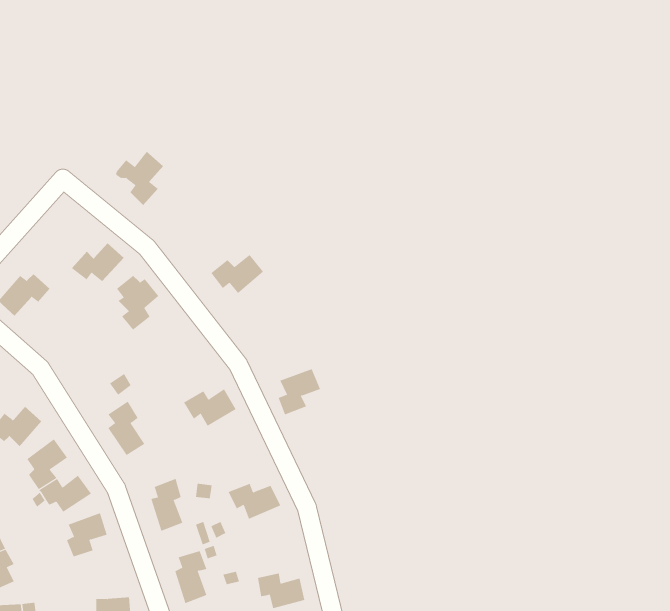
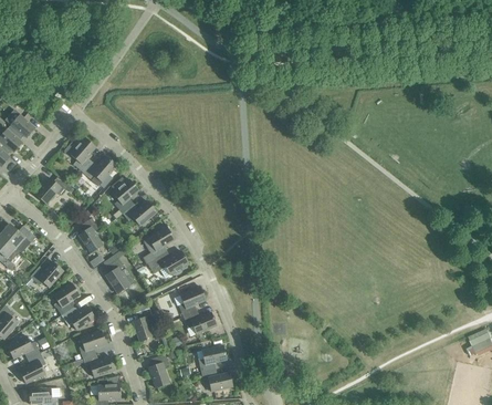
building: [116,151,164,206] -> [64,137,95,173]
building: [210,254,264,294] -> [122,200,156,226]
building: none -> [78,218,103,253]
building: none -> [147,227,174,259]
building: [278,369,321,415] -> [178,287,206,316]
building: none -> [198,345,226,372]
building: none -> [83,354,114,377]

